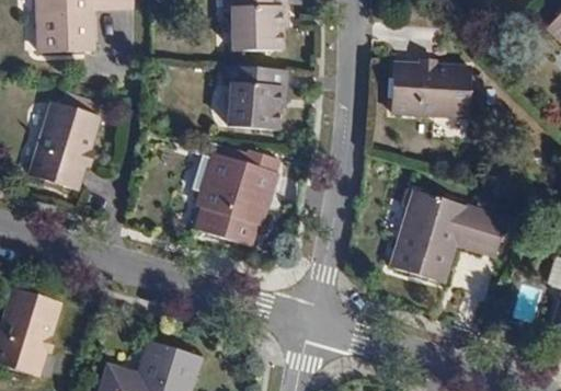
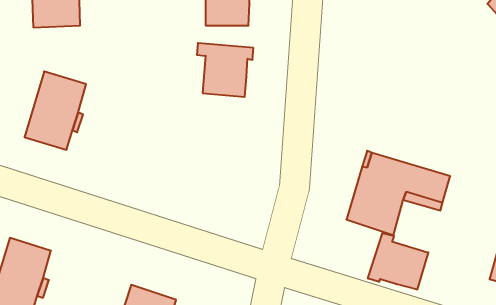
building: [390,62,471,116] -> none
building: [196,153,276,245] -> none
building: none -> [368,233,428,290]

